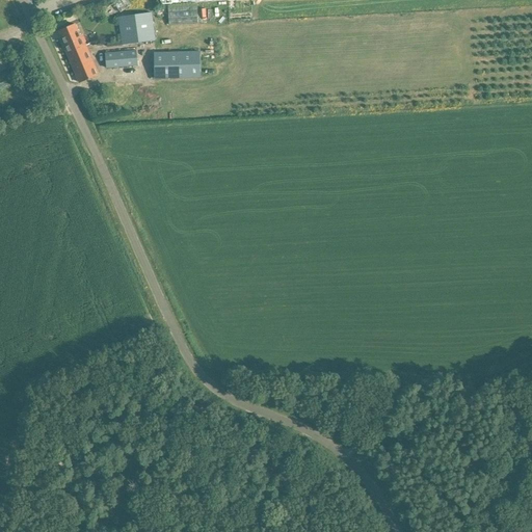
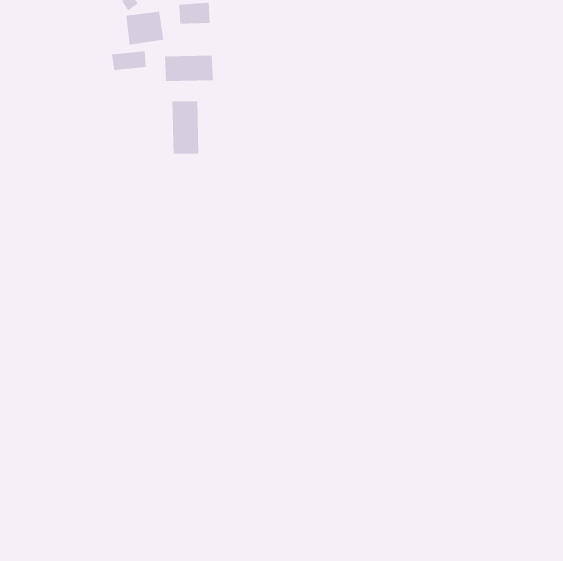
building: [60,22,99,81] -> none
building: none -> [172,100,199,155]

